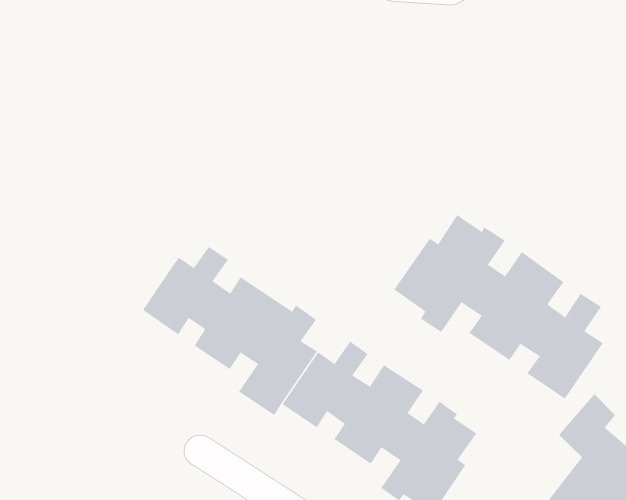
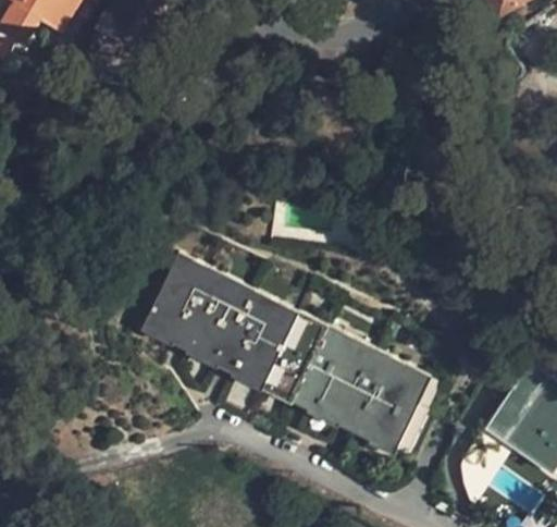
building: [394,214,604,400] -> none

